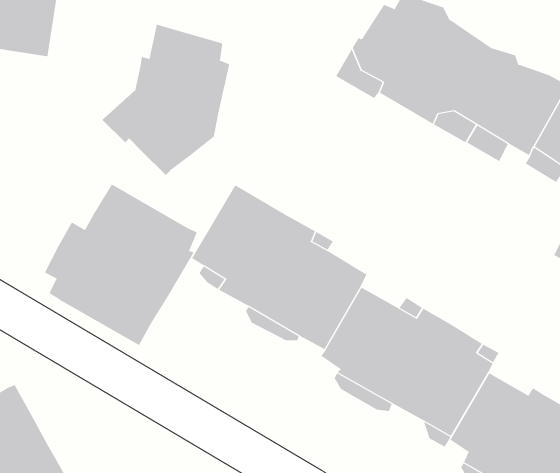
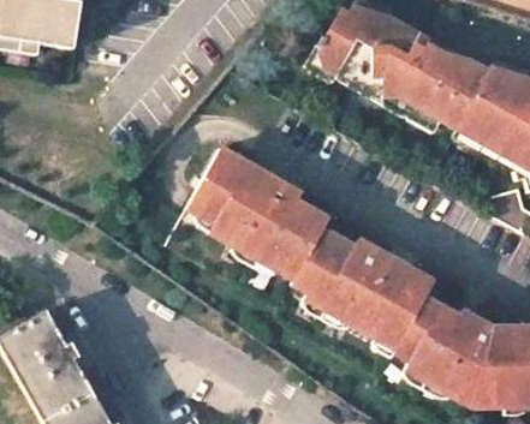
building: [101,24,230,176] -> none
building: [44,184,197,346] -> none

